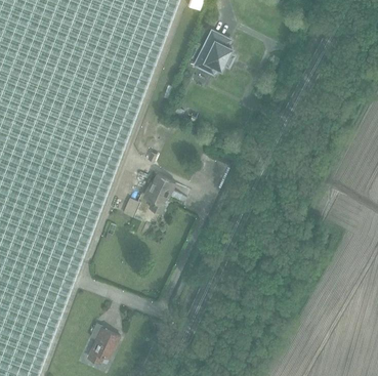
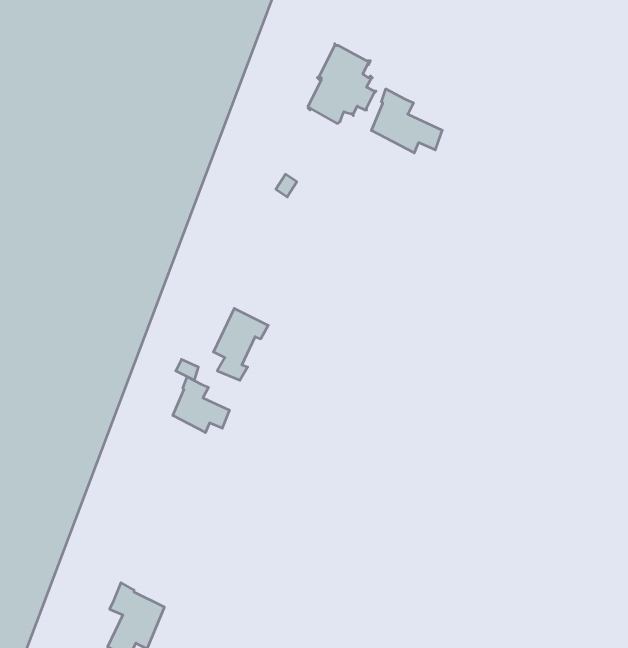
building: none -> [371,89,442,153]
building: none -> [173,377,229,433]

